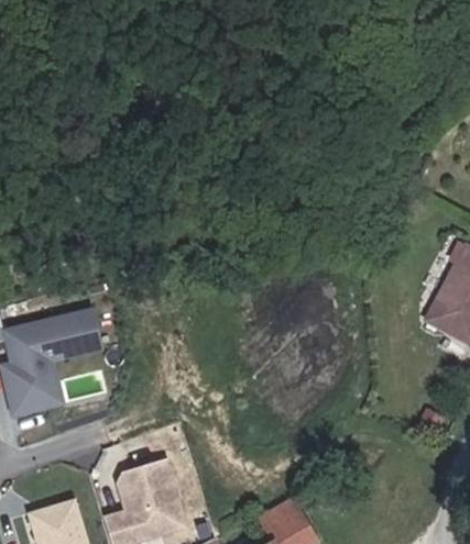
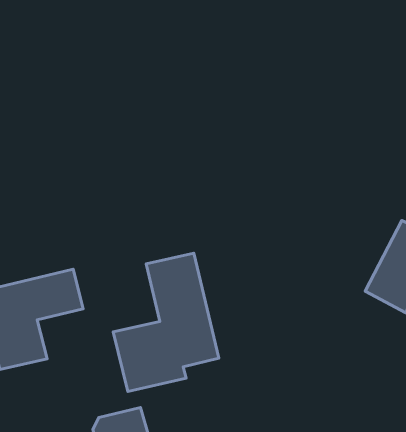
building: none -> [113,253,219,392]

